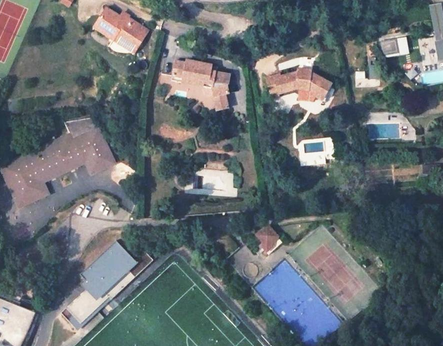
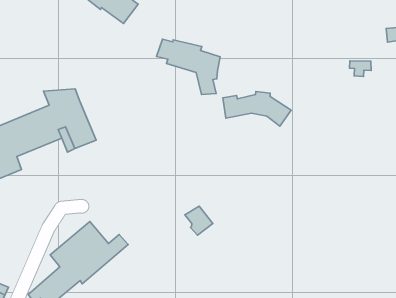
building: [265,70,331,102] -> [223,91,291,126]
building: [254,226,281,254] -> [185,206,213,235]

